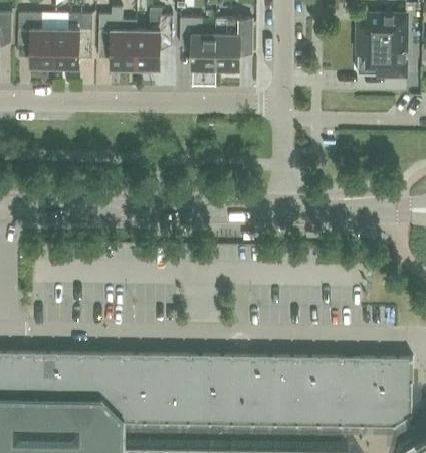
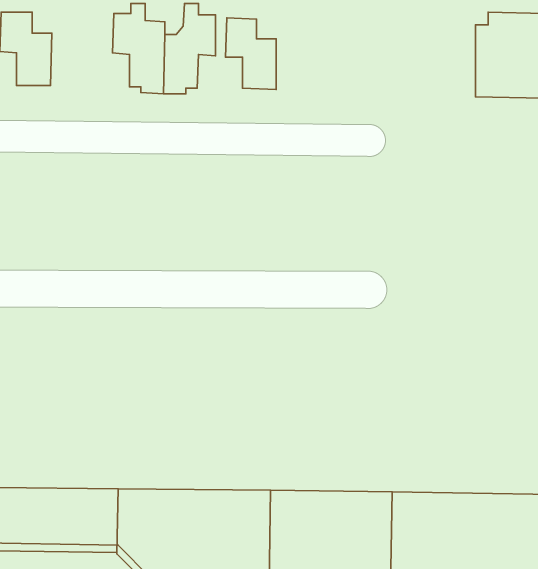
building: [54,15,91,68] -> none
building: [215,20,252,70] -> none

